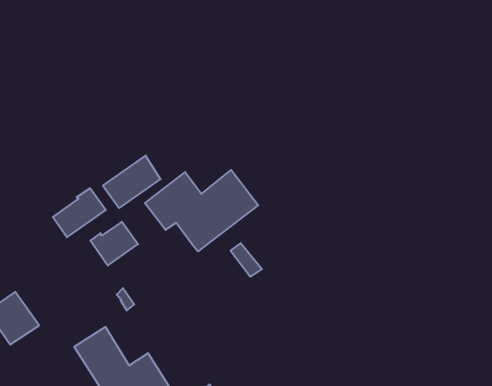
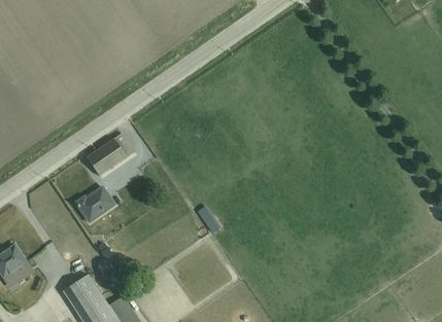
building: [145,170,258,251] -> none
building: [53,188,106,237] -> none

